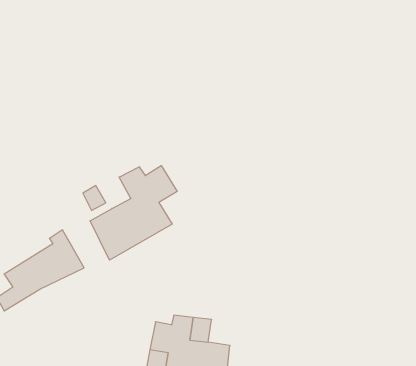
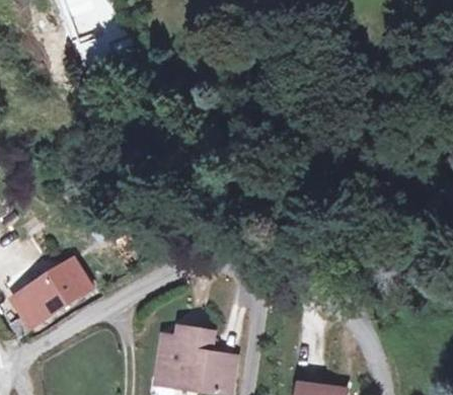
building: [90,166,177,260] -> none

